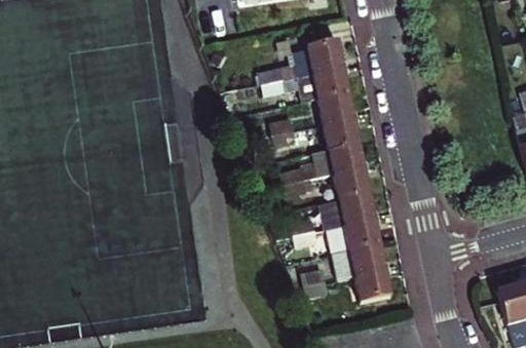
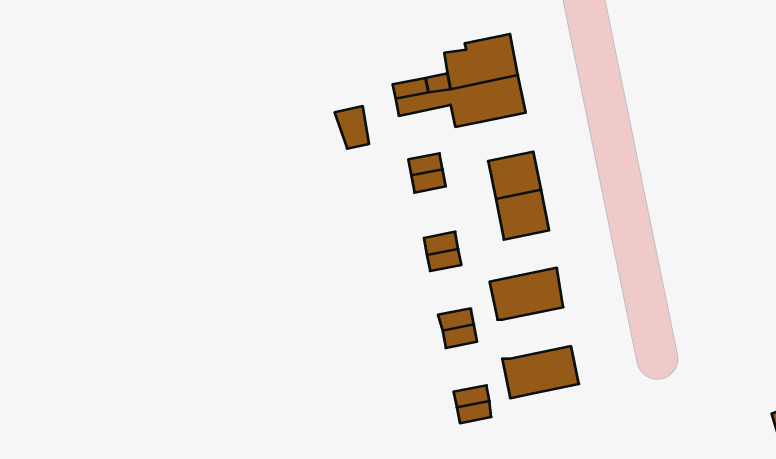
building: [320,87,354,119] -> none
building: [322,164,370,198] -> none
building: [334,215,379,248] -> none
building: [354,265,389,297] -> none

